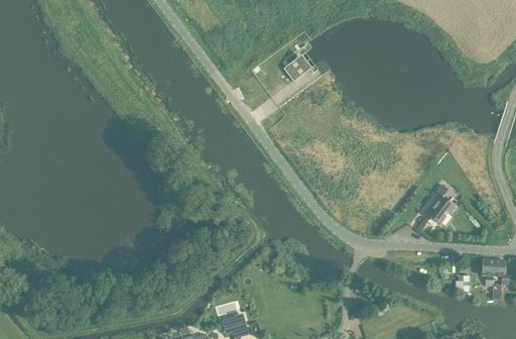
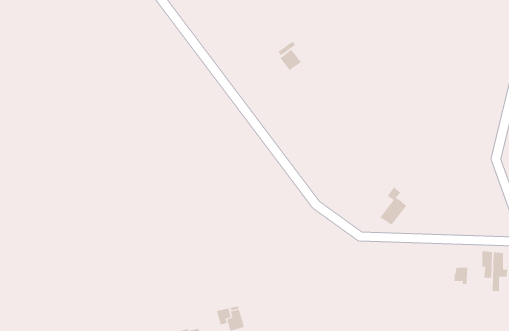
building: [426,185,454,223] -> [380,187,407,225]

